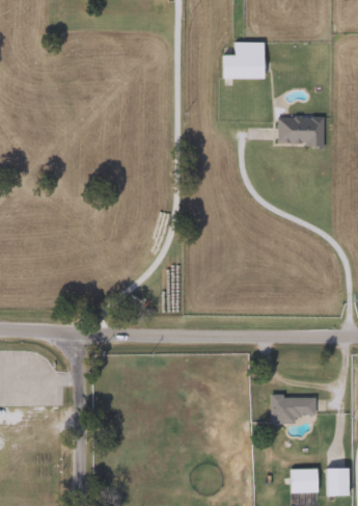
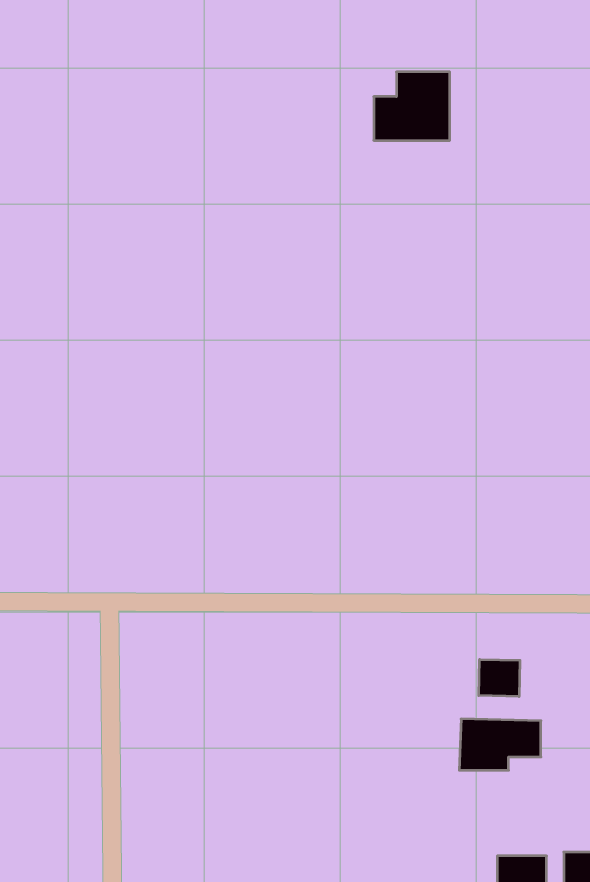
building: [276,114,324,145] -> none
building: none -> [479,659,520,697]

